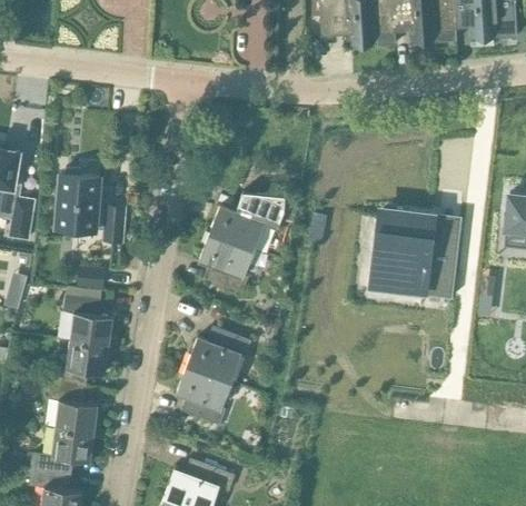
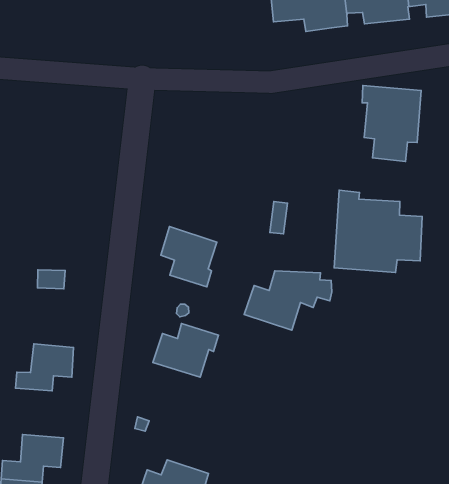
building: none -> [362,85,421,161]
building: [56,167,123,241] -> none
building: [209,191,296,250] -> [244,271,332,330]
building: [63,295,113,346] -> none
building: [176,365,231,425] -> none
building: [48,383,98,434] -> none

